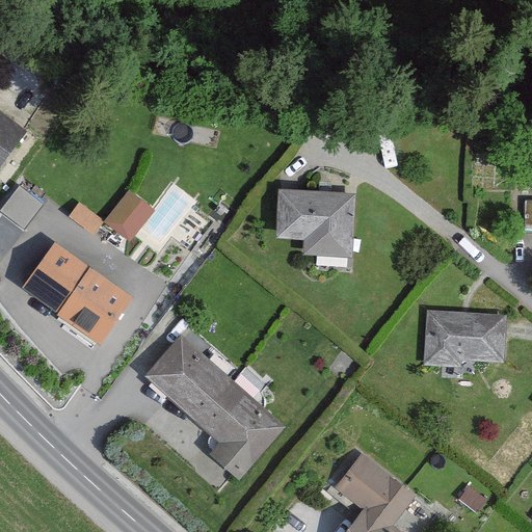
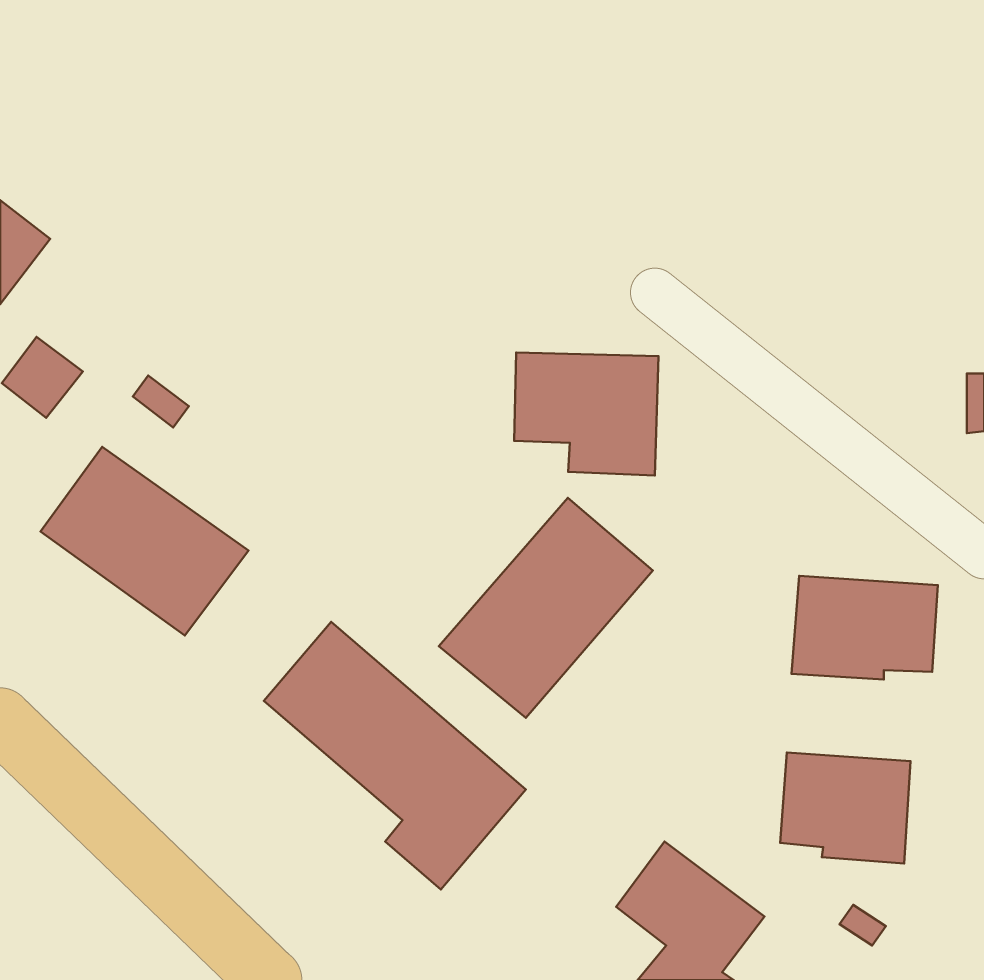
building: [108,191,152,236] -> none
building: none -> [439,498,653,718]
building: none -> [780,752,910,864]

